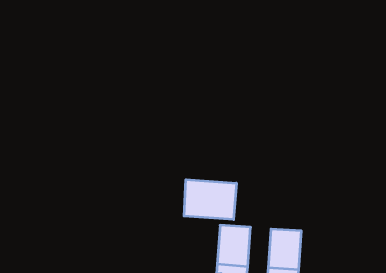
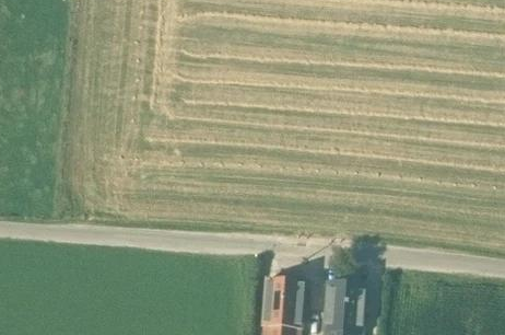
building: [184,180,236,220] -> none

